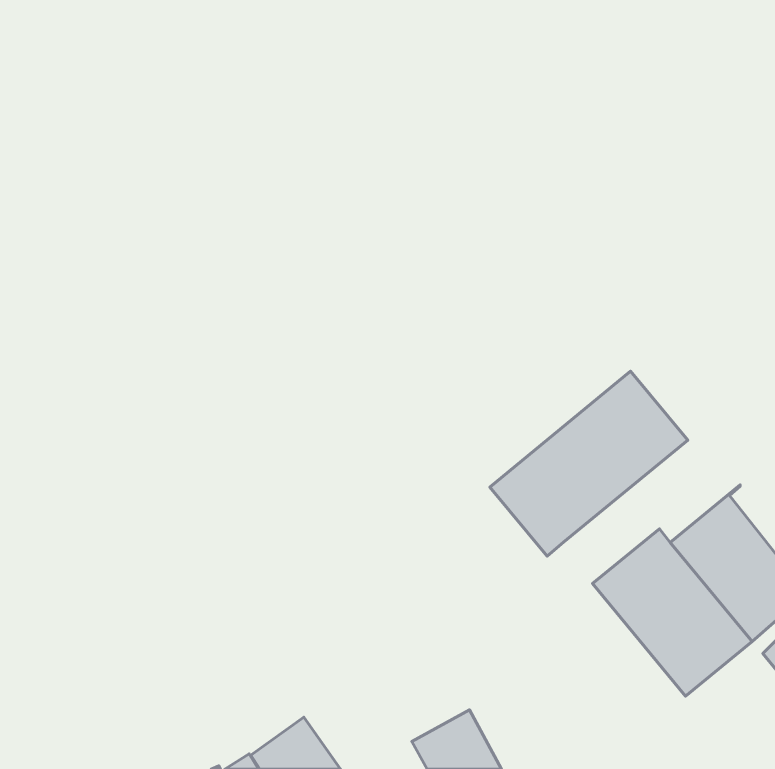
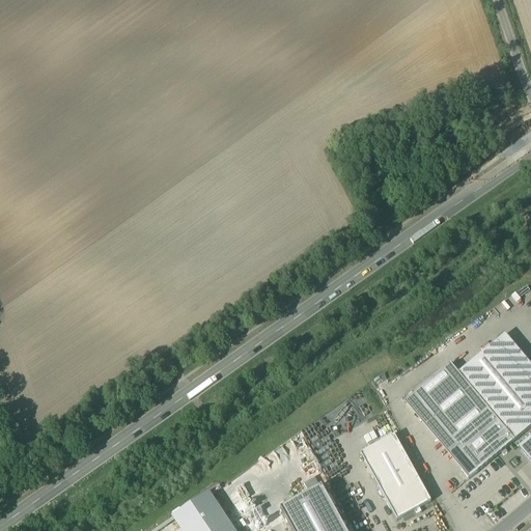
building: [490,371,688,556] -> none
building: none -> [361,432,431,516]

